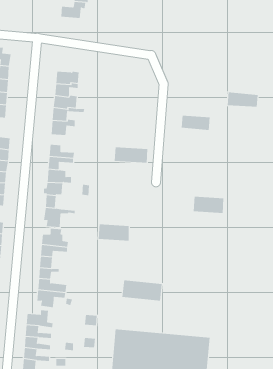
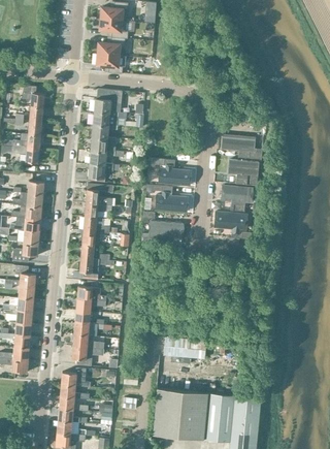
building: none -> [96,54,124,73]
building: none -> [92,90,121,114]
building: [227,92,258,107] -> [220,135,254,152]
building: none -> [157,167,194,186]
building: none -> [219,185,252,203]
building: [193,196,224,213] -> [212,212,246,230]
building: [98,224,130,241] -> [147,221,182,239]

